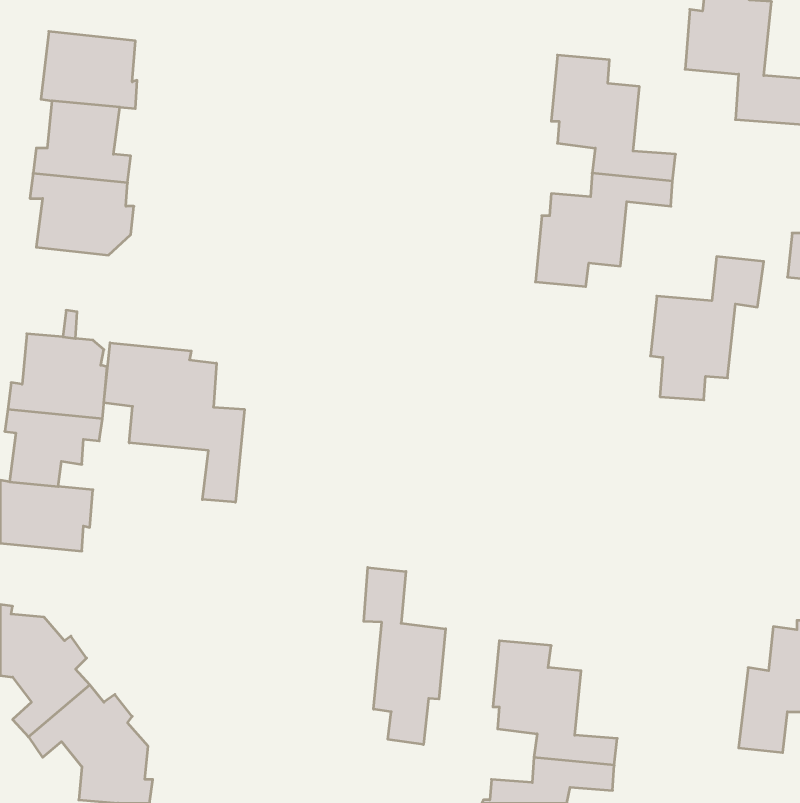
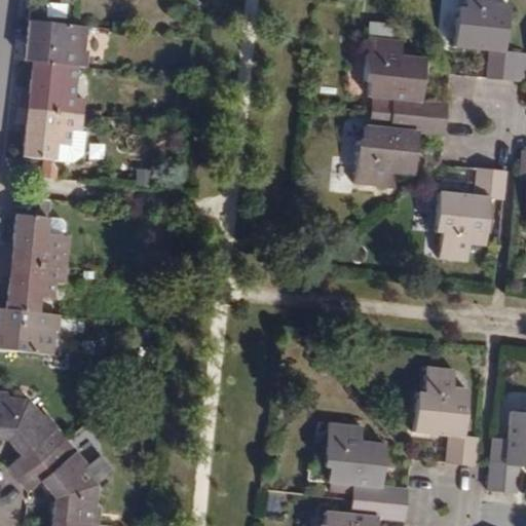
building: [104,343,244,502] -> none
building: none -> [410,363,475,462]
building: [364,567,446,745] -> none

